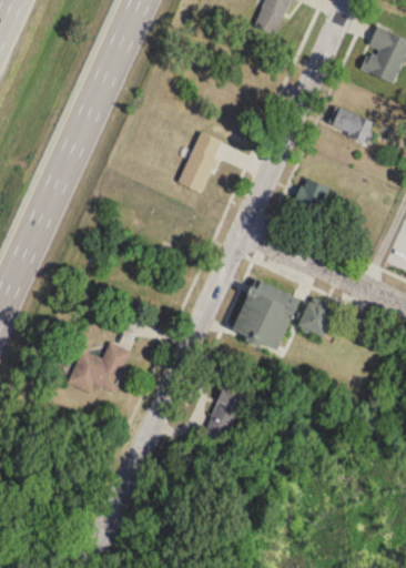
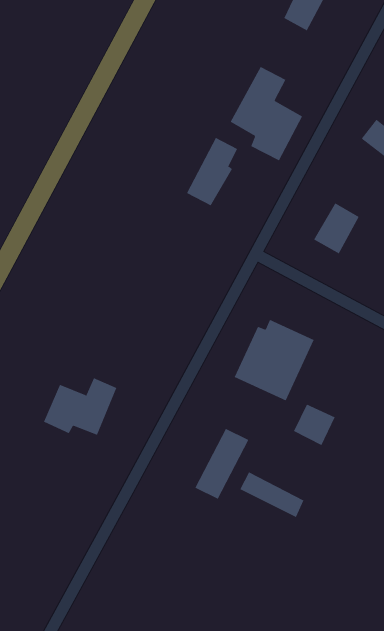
building: none -> [230,66,303,161]
building: [298,303,334,338] -> [293,404,335,446]
building: none -> [240,472,304,518]

